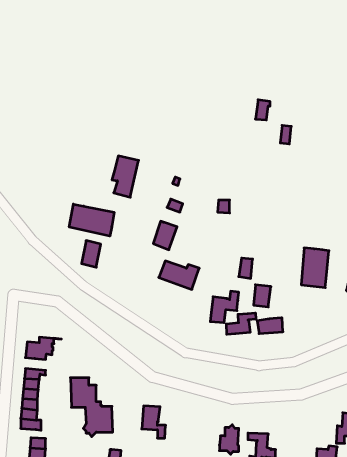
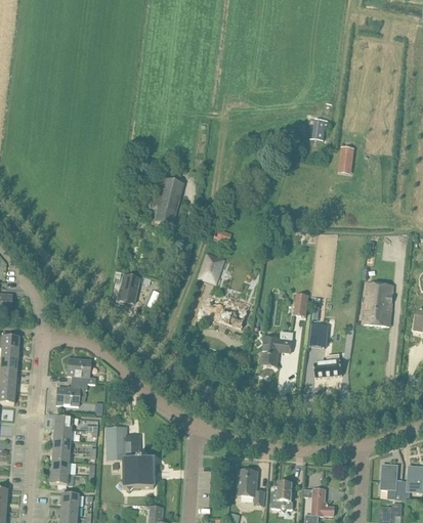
building: [69,204,114,236] -> none
building: [226,313,256,334] -> none
building: none -> [67,357,95,383]
building: [142,406,166,438] -> [238,469,264,505]
building: none -> [381,464,403,498]

